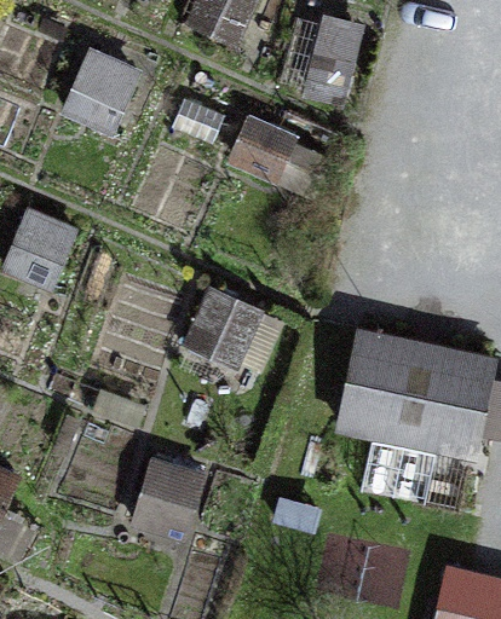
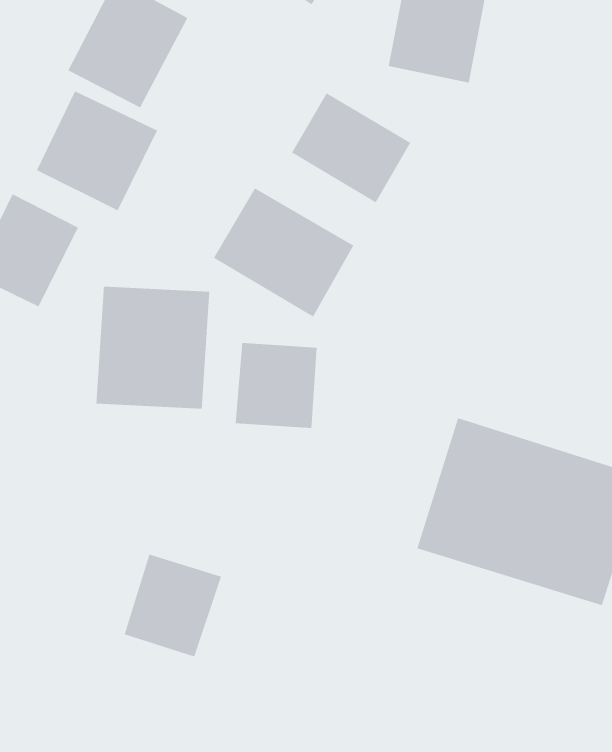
building: none -> [36,90,158,211]
building: none -> [213,187,354,317]
building: none -> [96,286,210,410]

